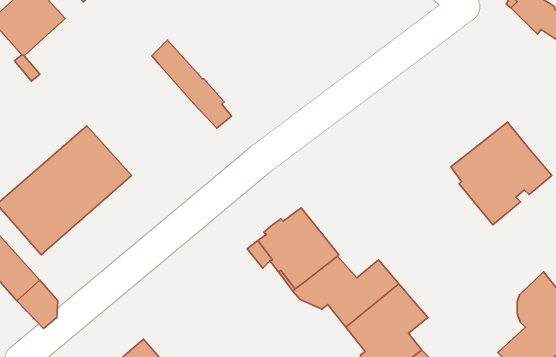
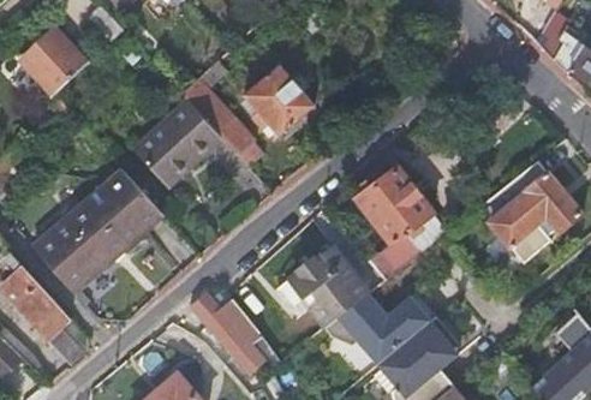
building: none -> [243,66,315,137]
building: none -> [136,103,225,190]
building: none -> [356,162,447,274]
building: none -> [186,293,261,377]

